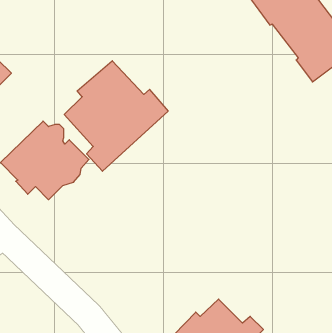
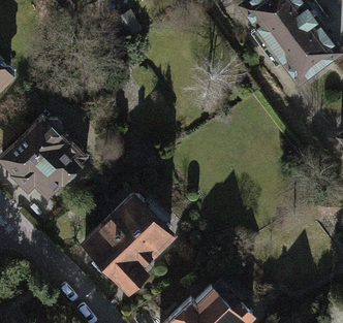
building: [64,61,168,171] -> none
building: none -> [84,198,170,289]

